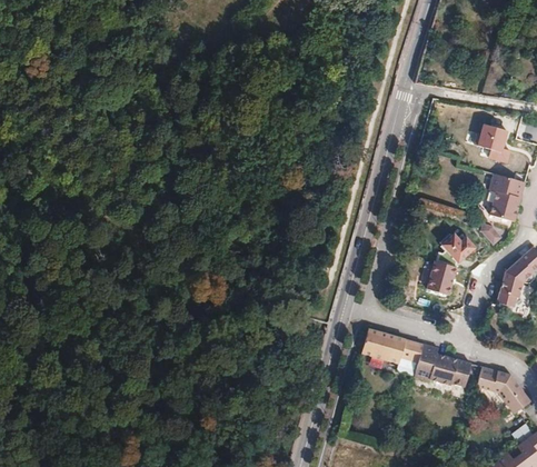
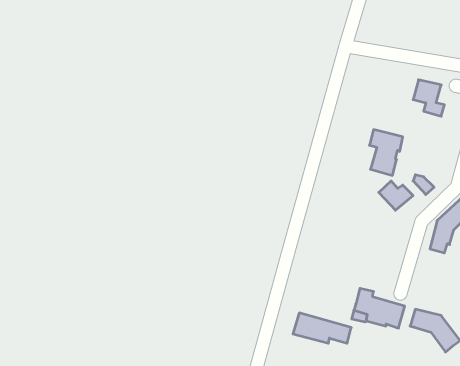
building: [488,175,524,223] -> [369,130,403,175]
building: [427,260,459,294] -> none
building: [360,330,422,362] -> [293,313,351,343]

